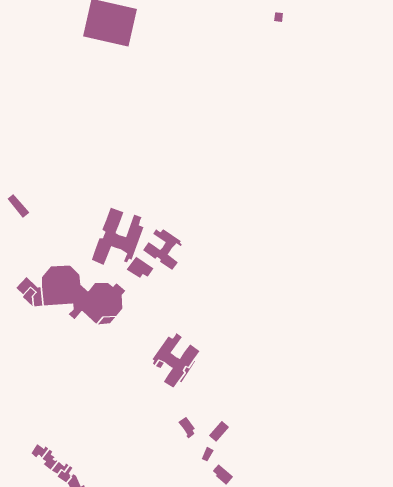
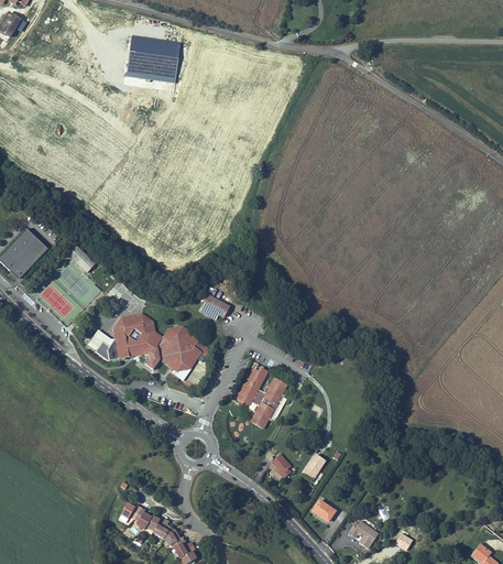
building: [91,207,144,266] -> none
building: [142,228,182,271] -> none

